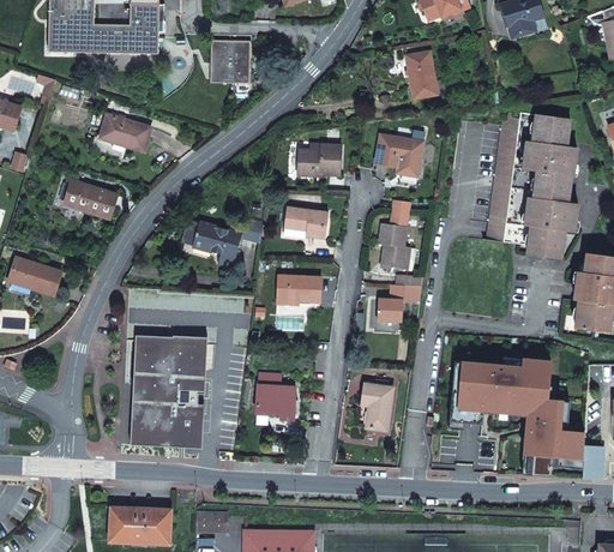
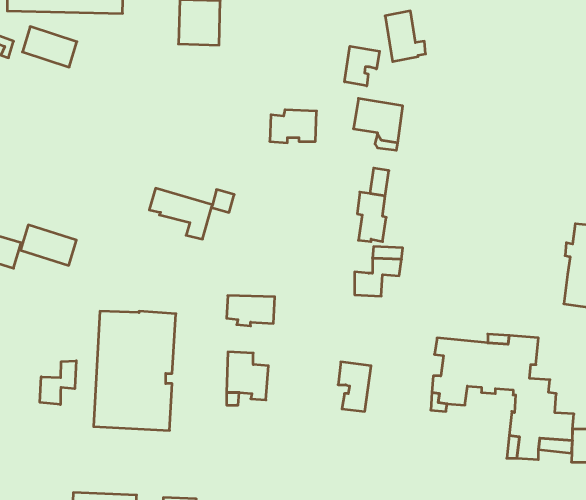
building: none -> [345,46,380,86]
building: [486,112,574,258] -> none
building: [100,113,151,151] -> [22,27,77,67]
building: [65,179,118,217] -> [21,225,76,265]
building: [284,206,329,238] -> none
building: [277,275,323,304] -> [227,296,275,326]
building: none -> [40,361,76,405]

